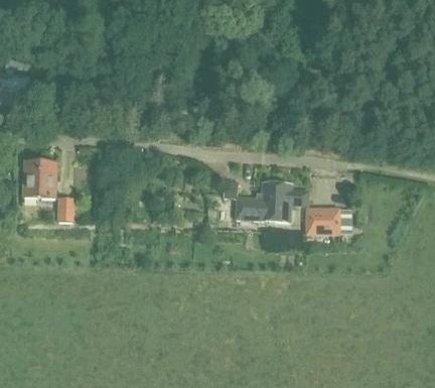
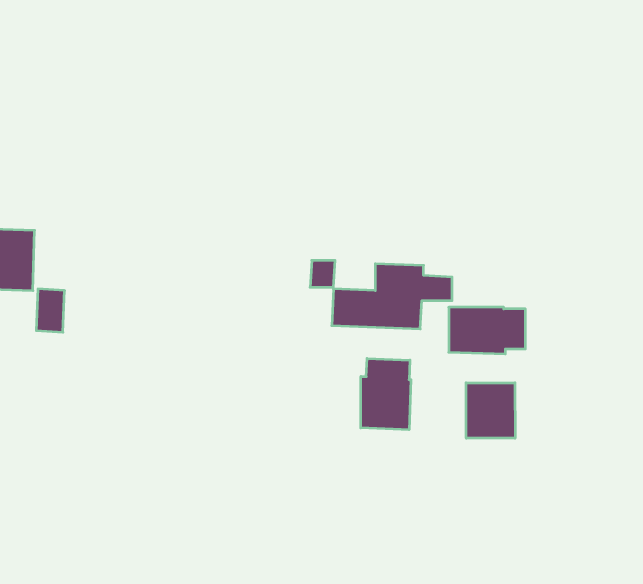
building: none -> [361,358,411,430]
building: none -> [466,383,515,438]

